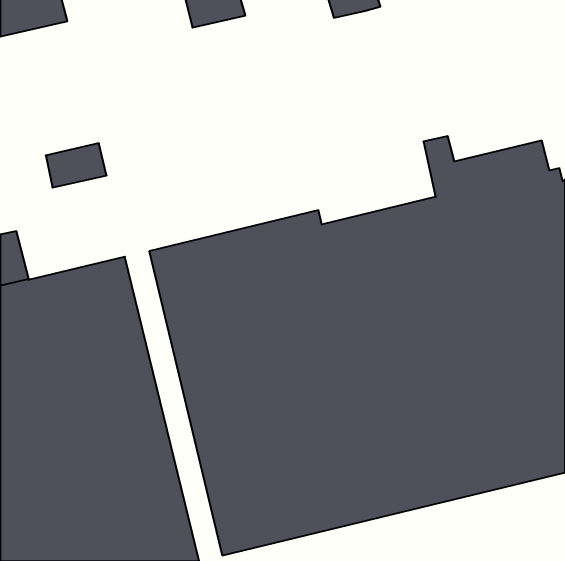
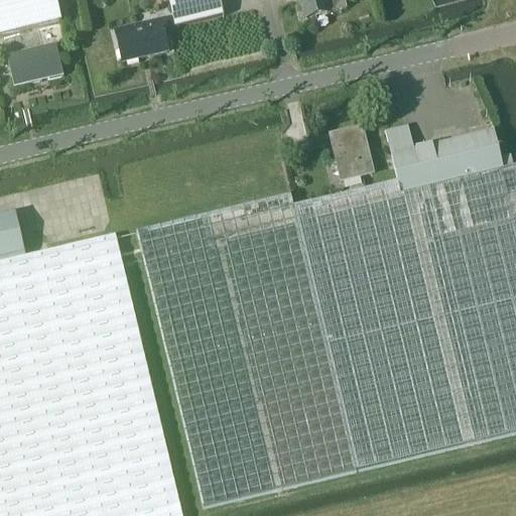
building: none -> [115,18,167,59]
building: none -> [334,126,372,177]
building: [46,143,107,188] -> [8,44,63,85]

